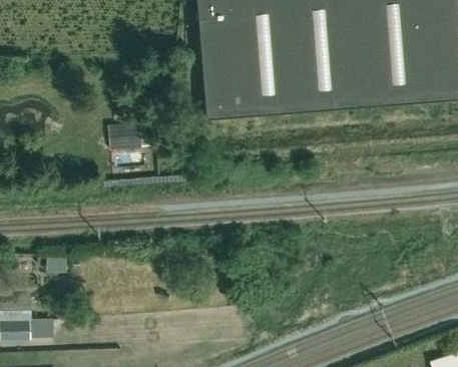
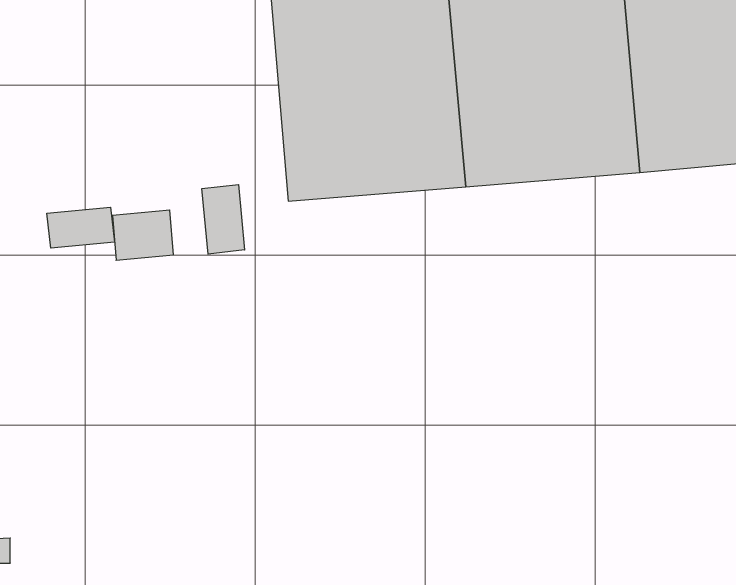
building: none -> [202,185,245,254]
building: none -> [47,207,115,248]

